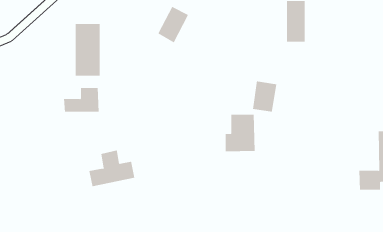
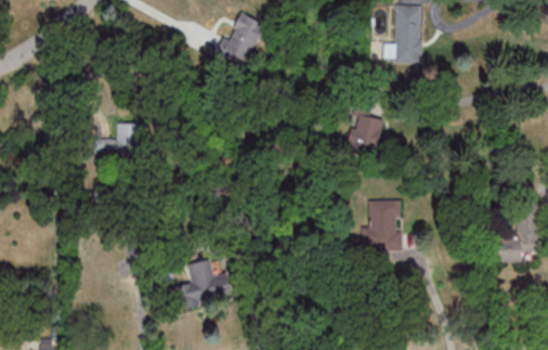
building: [75,23,100,76] -> none
building: [225,114,255,152] -> [361,199,402,250]
building: [88,150,135,187] -> [172,258,235,308]

